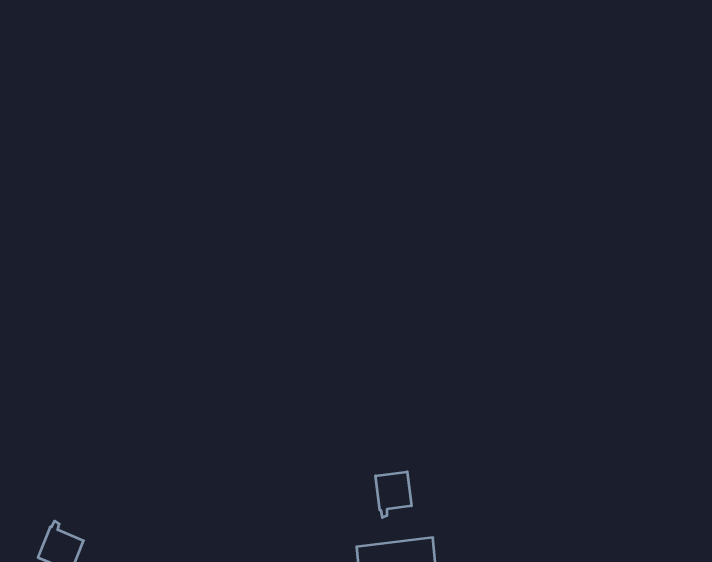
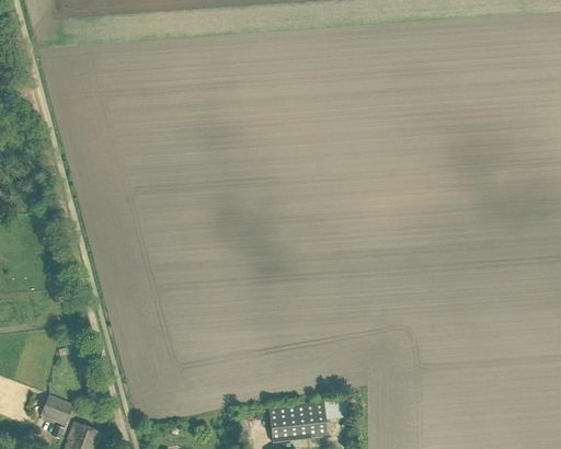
building: [376,472,411,518] -> none

